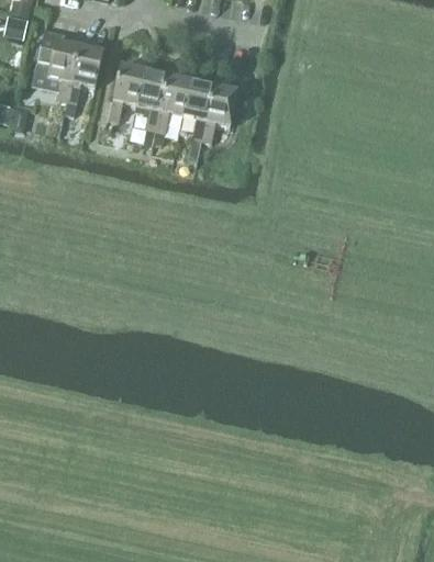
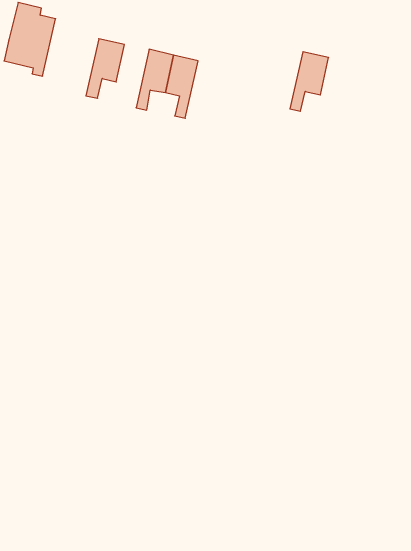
building: [68,44,103,100] -> none
building: [137,68,168,127] -> none
building: [202,83,238,139] -> [290,52,329,111]

